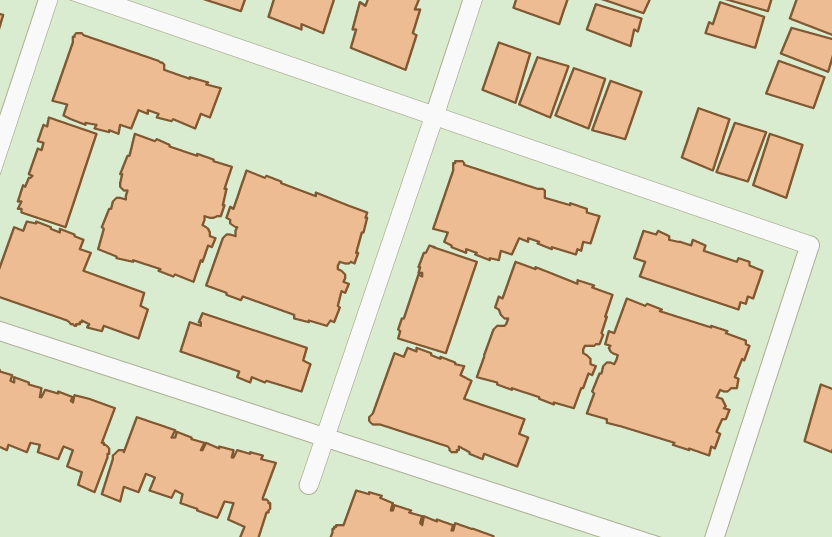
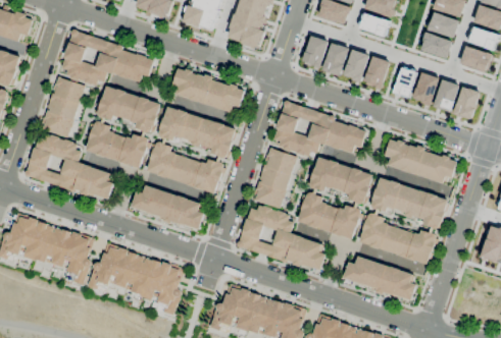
building: none -> [420,32,451,58]
building: none -> [391,67,416,97]
building: none -> [172,68,245,112]
building: none -> [343,256,415,300]

